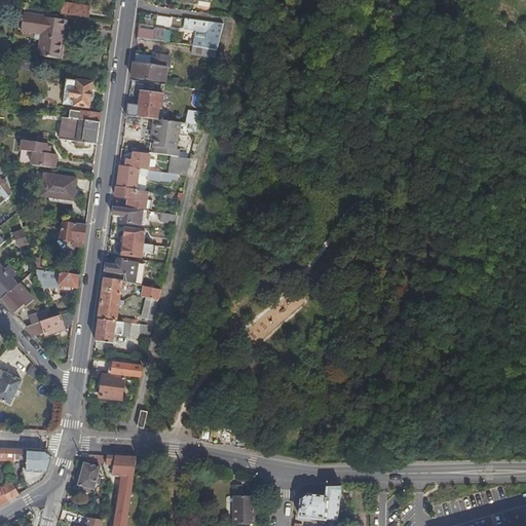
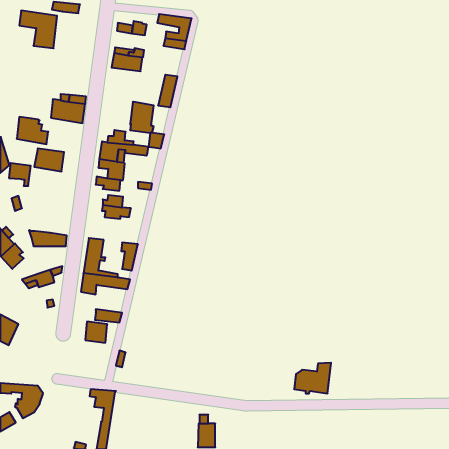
building: [66,78,91,106] -> none
building: [126,89,160,119] -> none
building: [60,222,85,249] -> [9,163,31,186]
building: [104,259,136,283] -> none
building: [77,462,100,490] -> none
building: [299,485,342,521] -> [294,363,331,393]

